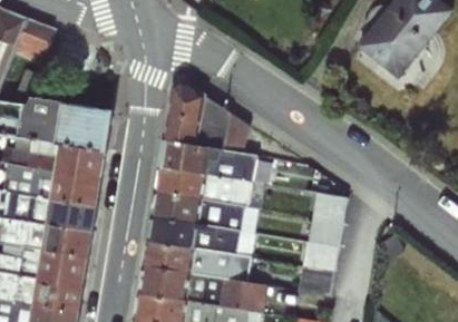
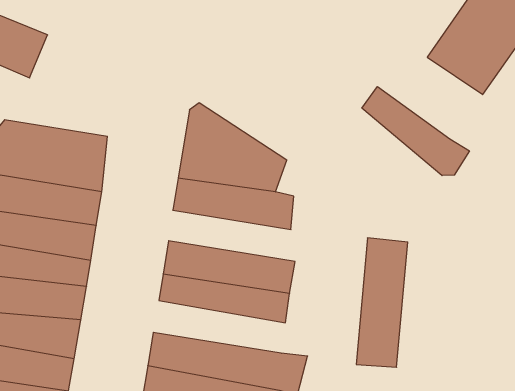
building: none -> [362,87,469,176]
building: [155,169,265,211] -> none
building: [143,242,249,284] -> none

